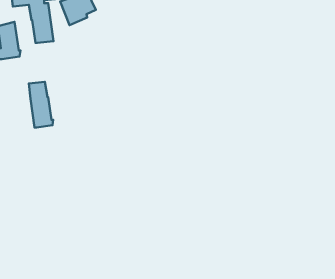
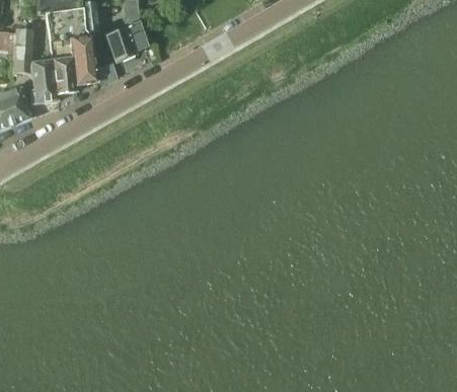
building: [29,82,53,128] -> [49,37,78,92]

